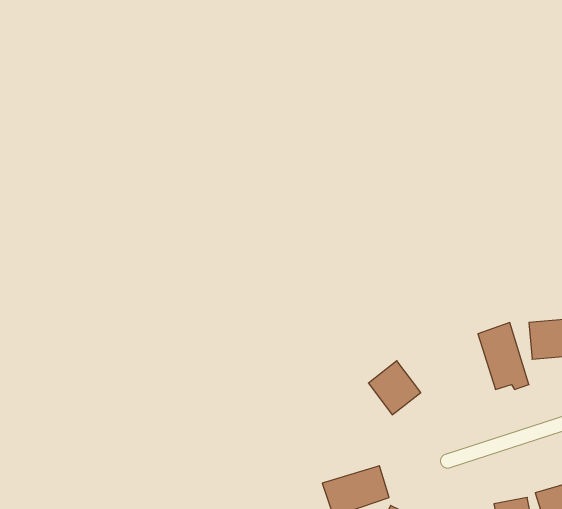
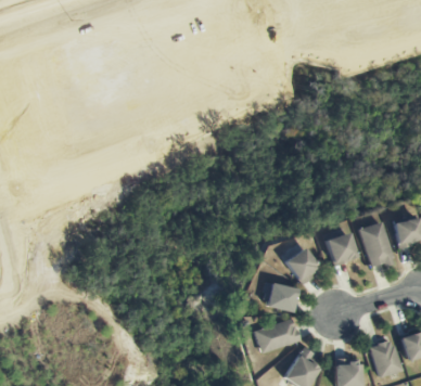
building: none -> [324,232,356,266]
building: none -> [261,282,296,312]

